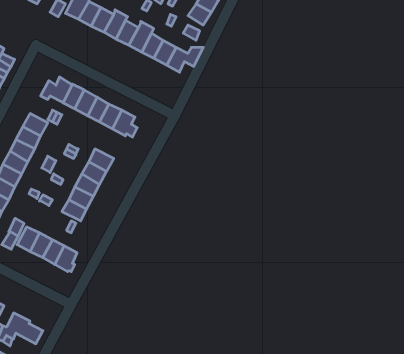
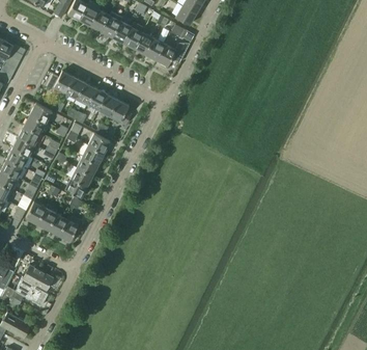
building: none -> [22,265,53,290]

